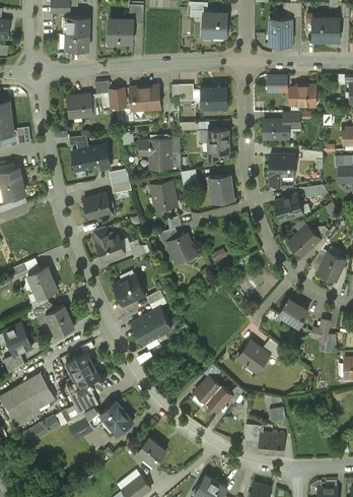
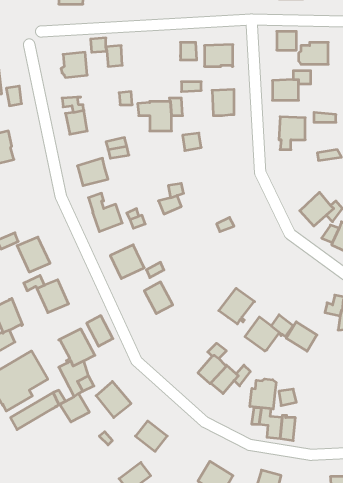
building: [130,86,159,110] -> none
building: [88,145,110,170] -> none
building: [208,175,232,202] -> none
building: [150,180,176,210] -> none
building: [273,195,301,221] -> none
building: [169,235,195,261] -> none
building: [279,299,307,326] -> [286,322,317,351]
building: none -> [219,288,255,324]
building: [131,316,155,345] -> [87,316,113,346]
building: none -> [250,379,276,409]

